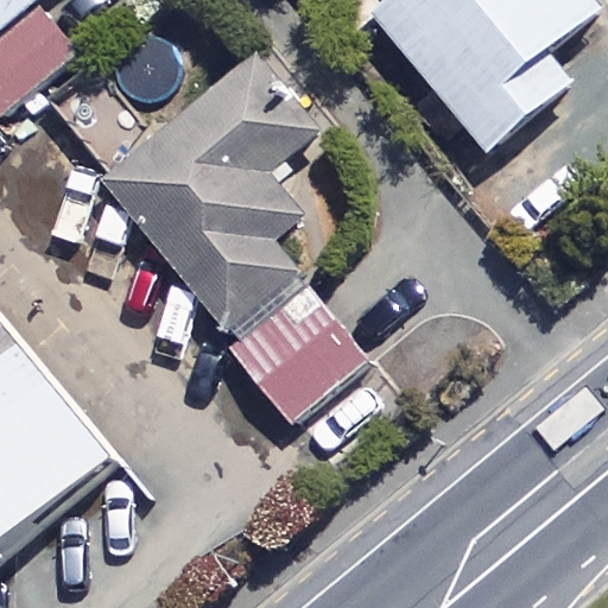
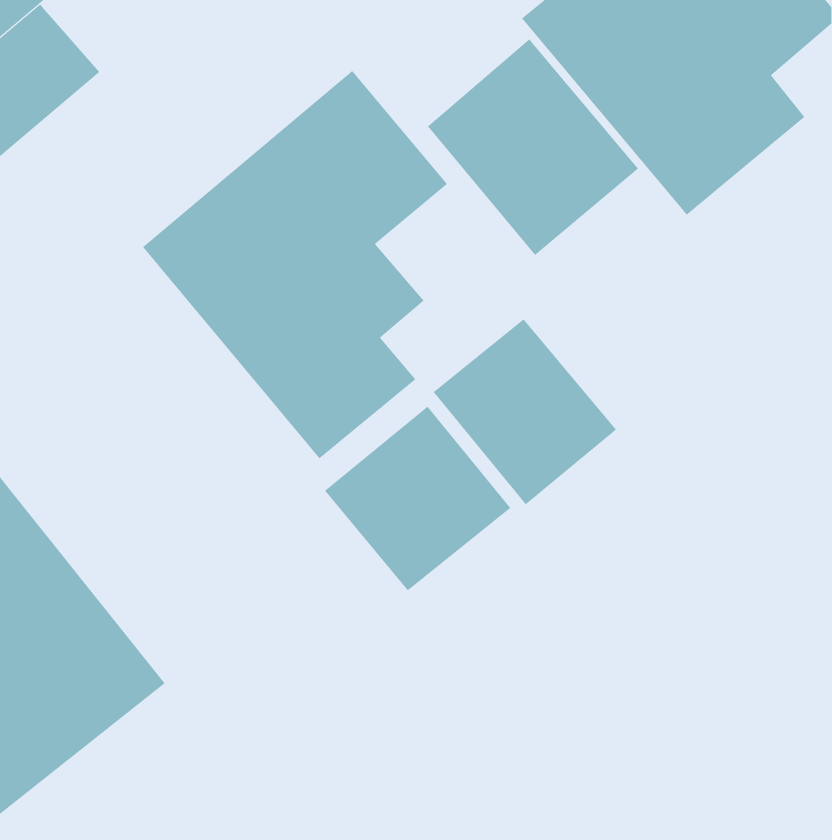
building: none -> [427,38,639,256]
building: none -> [433,318,617,505]

